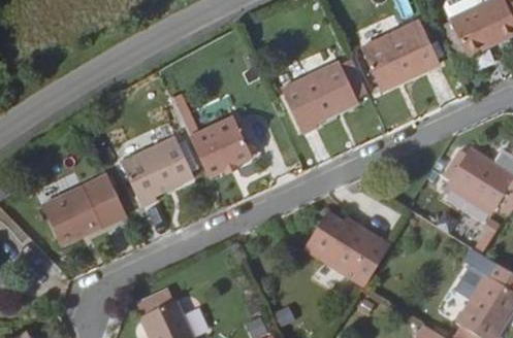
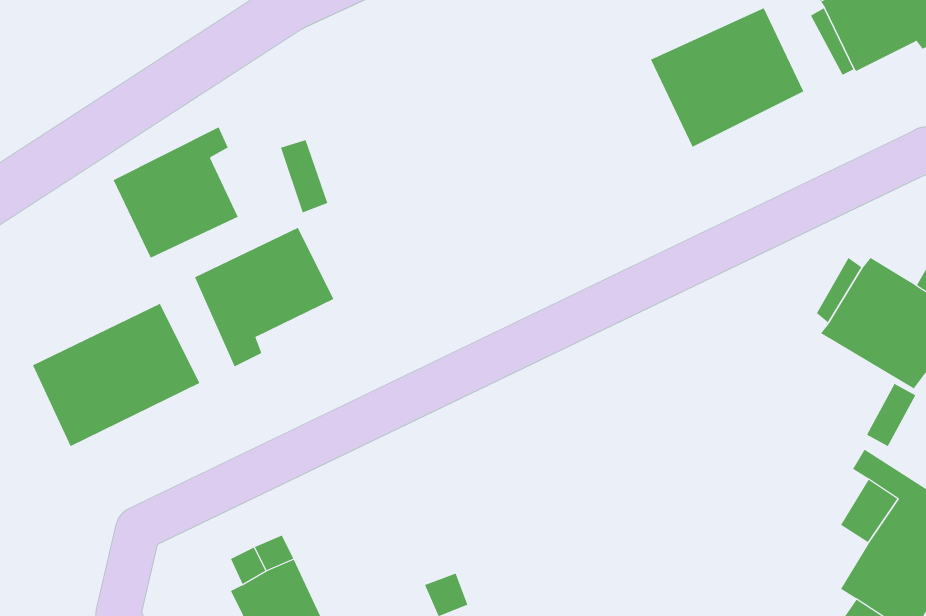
building: [281,56,366,133] -> none
building: none -> [113,126,239,258]
building: [191,112,255,177] -> none
building: [303,209,392,290] -> none

